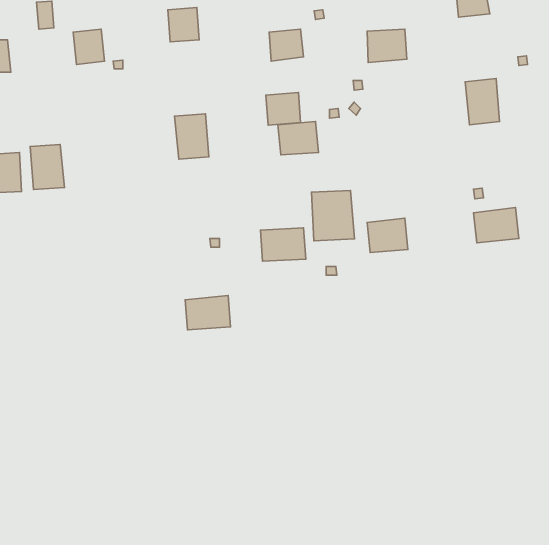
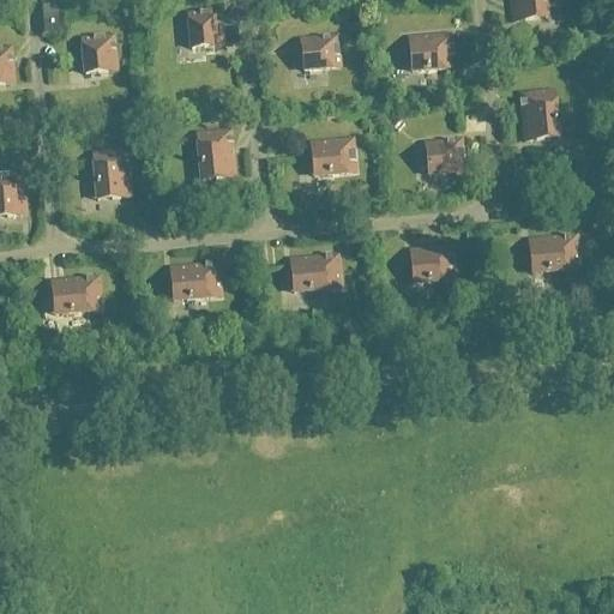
building: [266,92,301,125] -> none
building: none -> [425,138,464,173]
building: [30,144,65,189] -> [91,148,130,198]
building: [312,190,354,241] -> none
building: none -> [52,275,102,313]
building: [185,296,230,330] -> [169,261,219,300]

